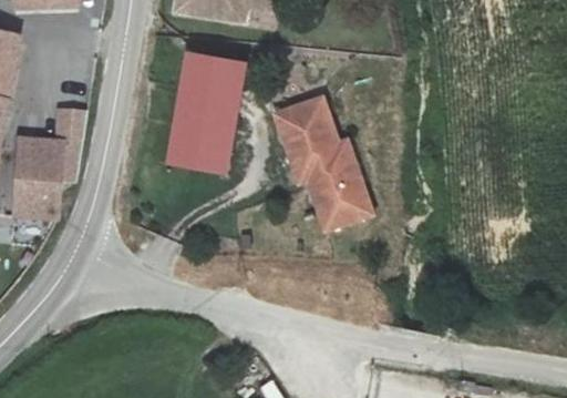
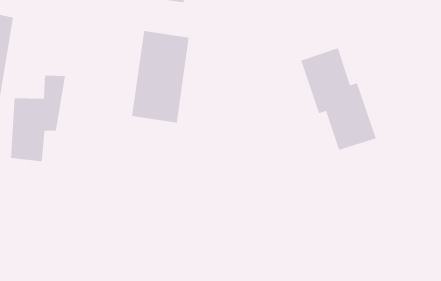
building: [274,96,371,228] -> [300,47,377,151]

